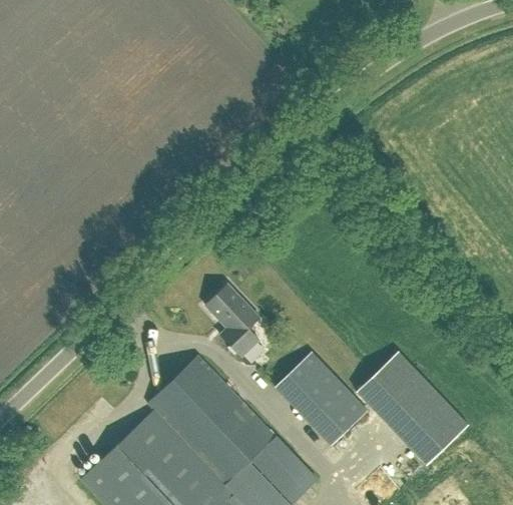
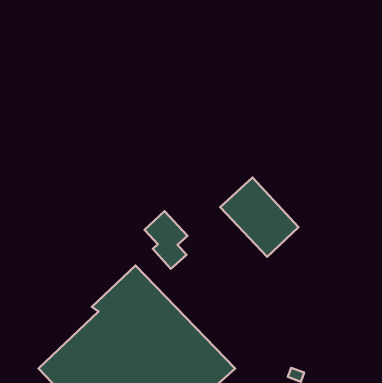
building: [359,352,471,462] -> none
building: [274,353,369,449] -> [220,178,298,257]

